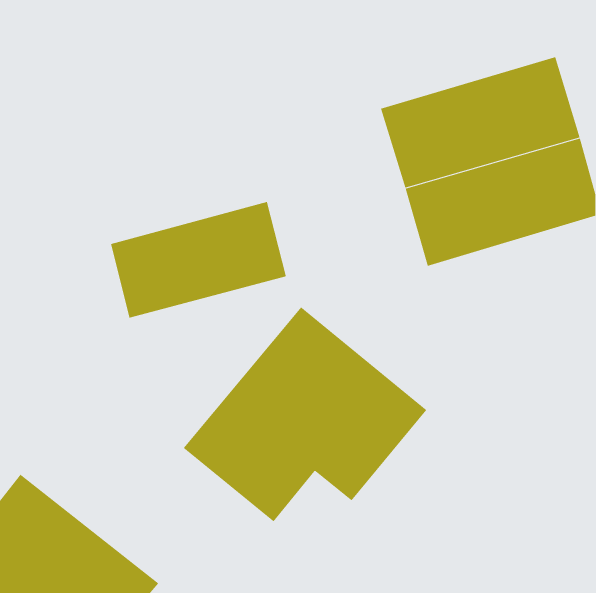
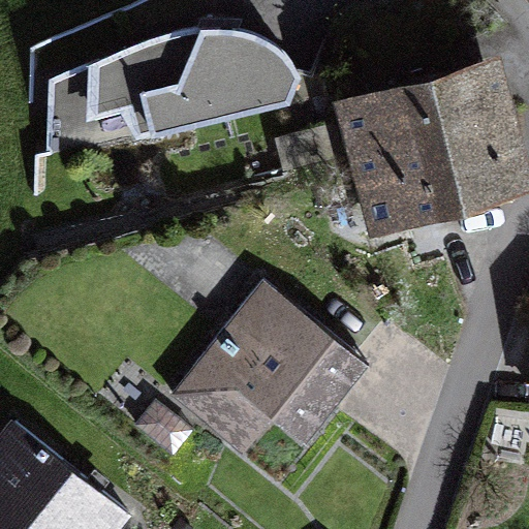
building: none -> [44,27,292,169]
building: [110,201,286,318] -> none

